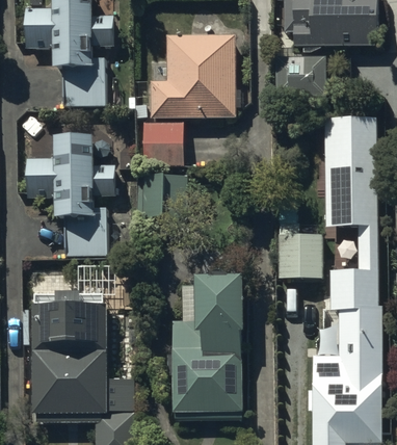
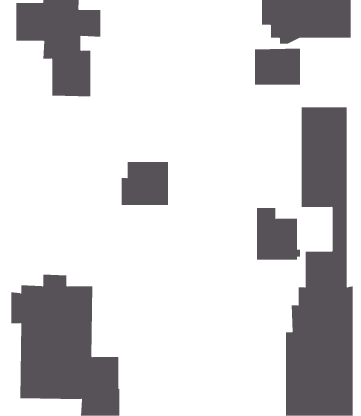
building: [150,34,235,117] -> none
building: [143,122,182,164] -> none
building: [29,135,115,255] -> none
building: [166,276,242,420] -> none

